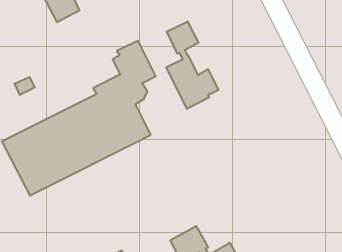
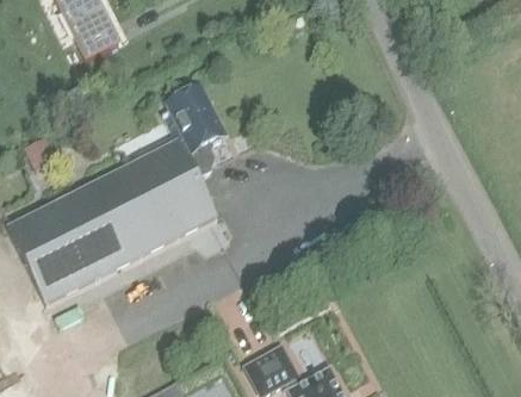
building: [166,21,218,109] -> none

